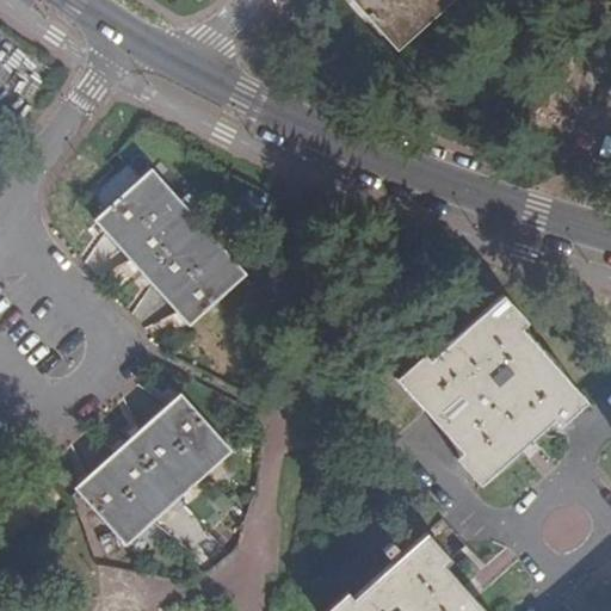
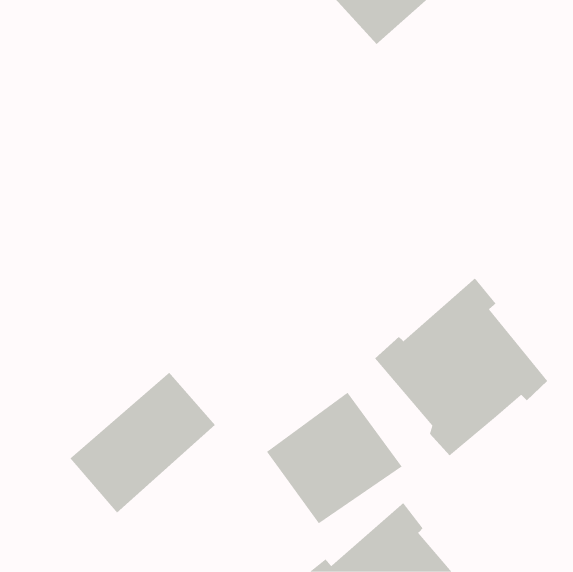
building: [94,171,245,326] -> none
building: none -> [266,392,402,524]

